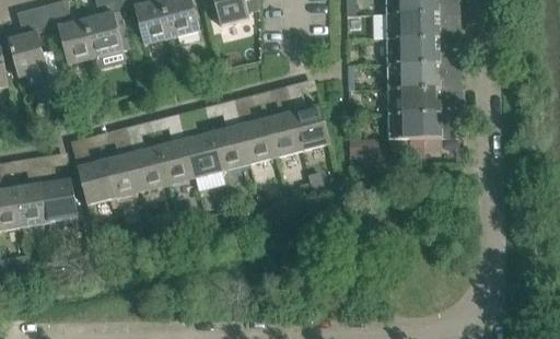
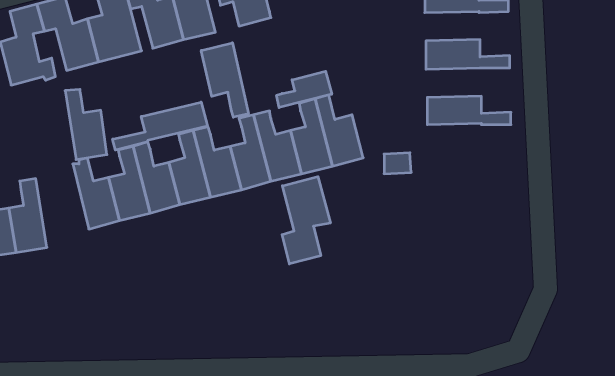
building: [385,12,460,38] -> none
building: none -> [201,43,248,117]
building: [386,62,462,89] -> none
building: none -> [277,71,332,108]
building: none -> [113,102,207,150]
building: [387,112,463,148] -> none
building: none -> [282,177,330,264]
building: [39,160,77,222] -> [65,89,107,160]

